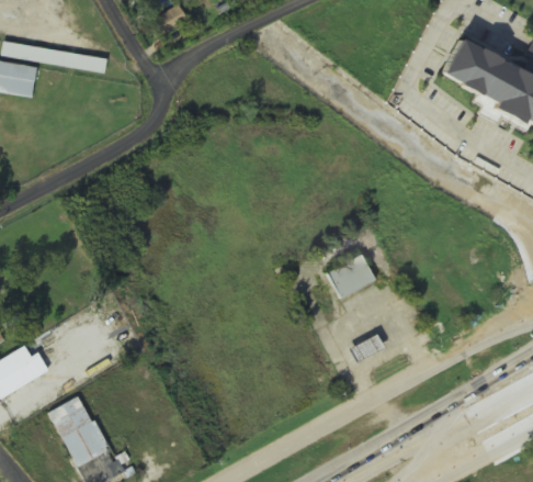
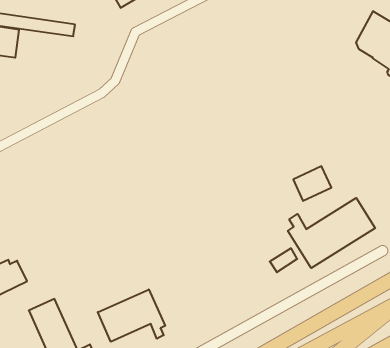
building: [326,254,373,296] -> [293,166,331,201]
building: none -> [288,198,375,268]
building: none -> [98,289,165,342]

